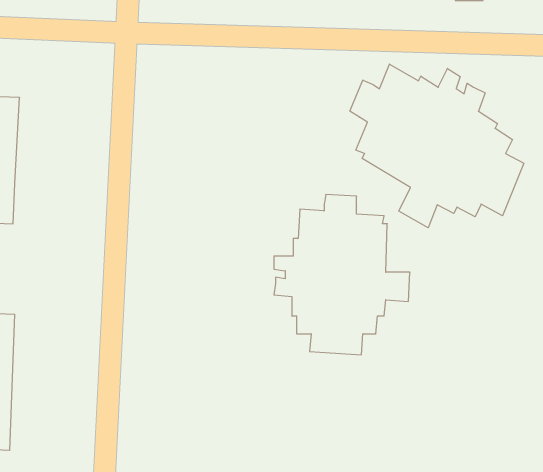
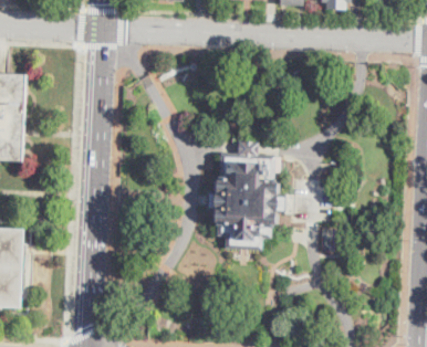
building: [350,64,524,228] -> none

